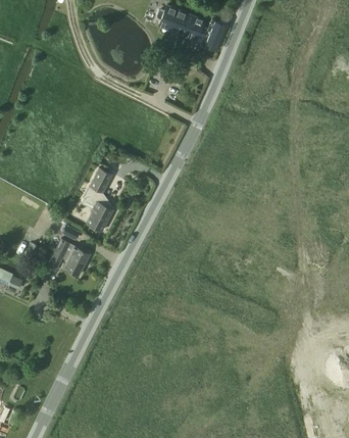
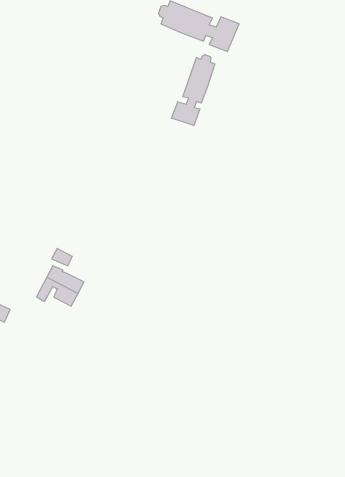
building: none -> [171,54,215,126]
building: [83,167,113,232] -> none

